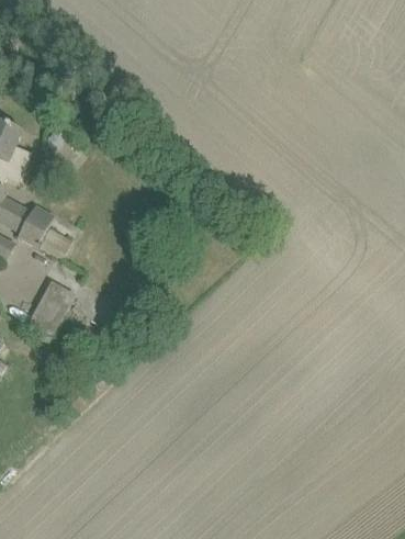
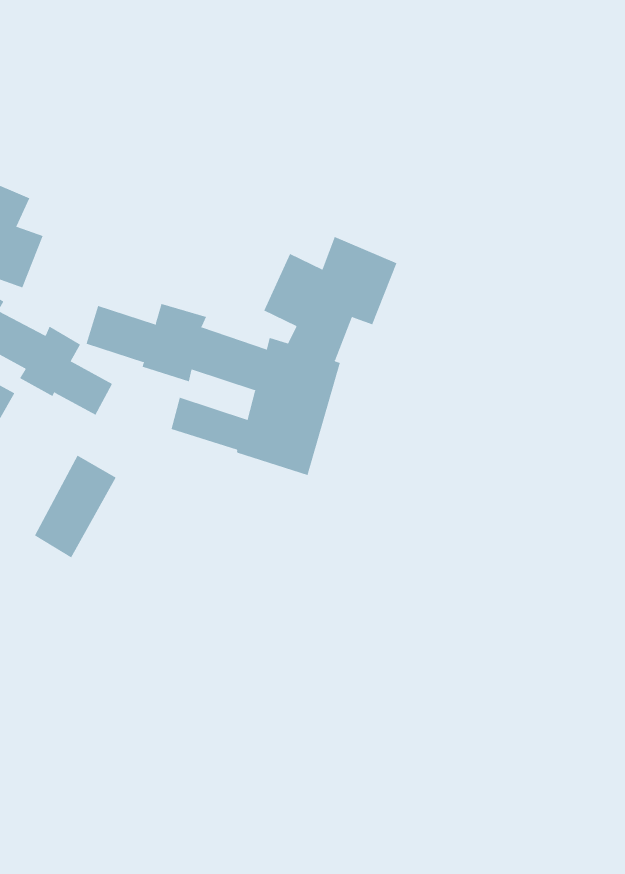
building: none -> [86,236,397,476]

